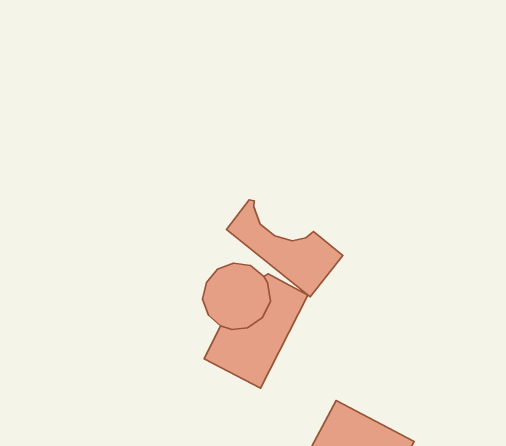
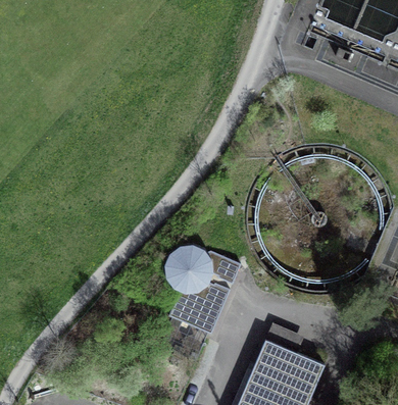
building: [226,200,343,297] -> none

